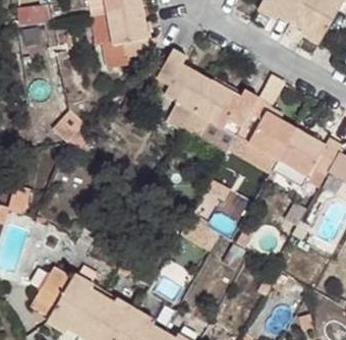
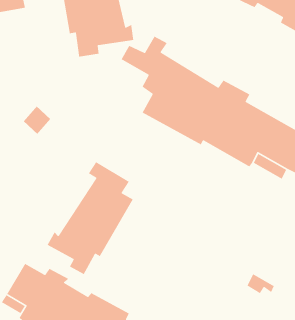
building: none -> [47,161,134,275]

